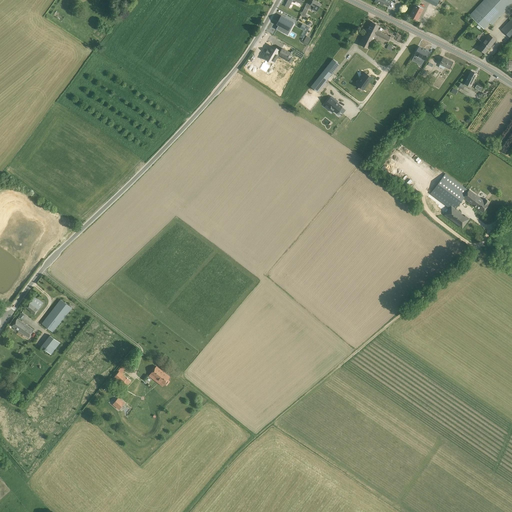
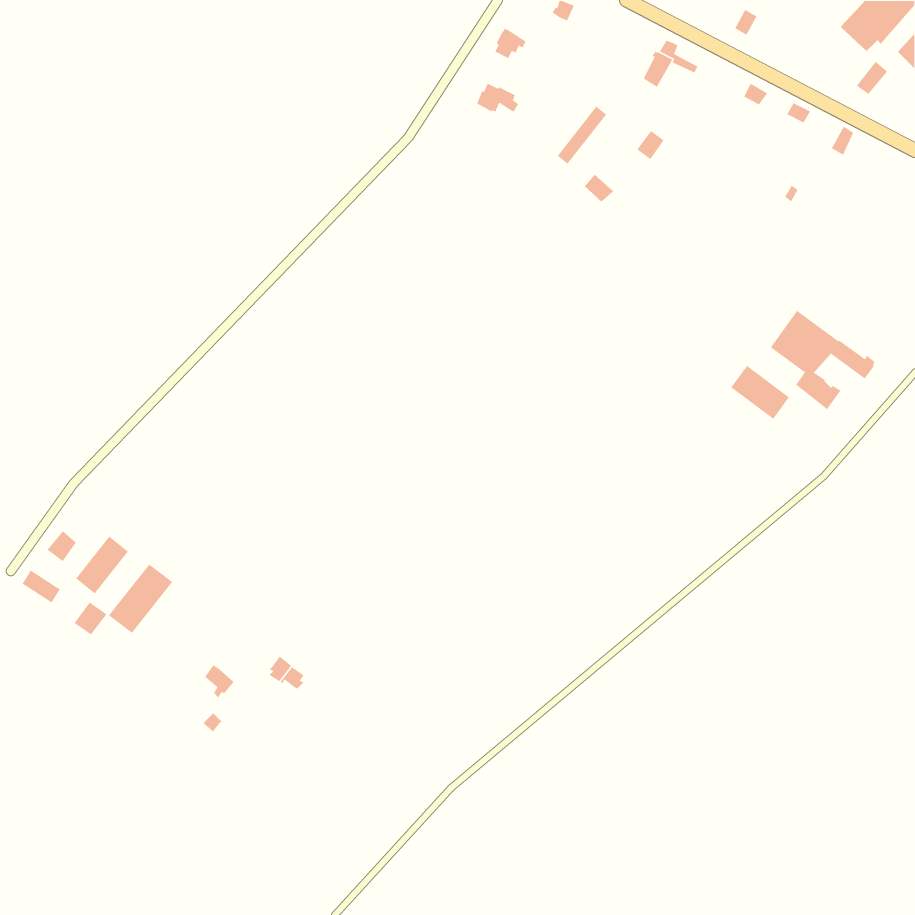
building: none -> [730,365,790,420]
building: none -> [108,563,173,634]

